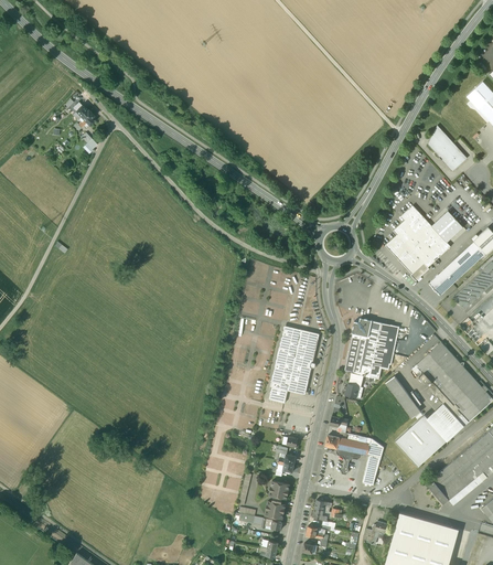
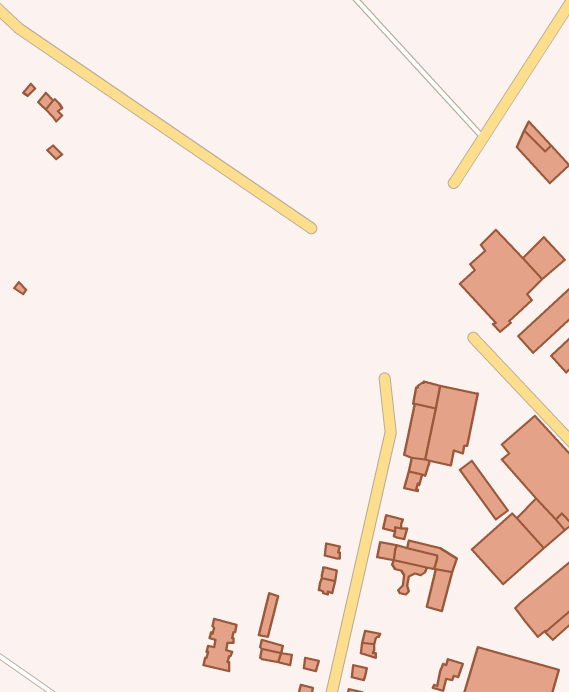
building: [269,328,318,404] -> none
building: [265,480,289,519] -> [204,619,237,671]

